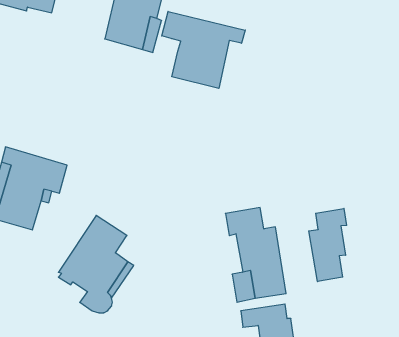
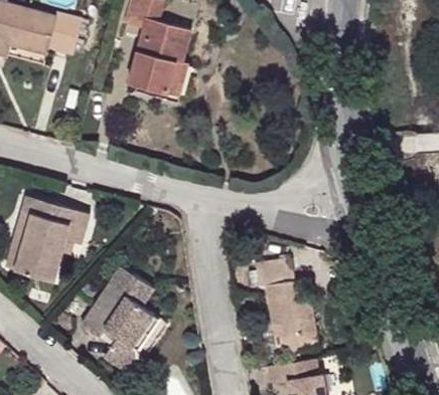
building: [162,11,245,88] -> none
building: [309,208,347,282] -> none

